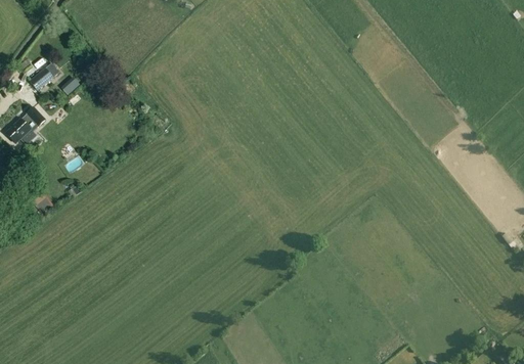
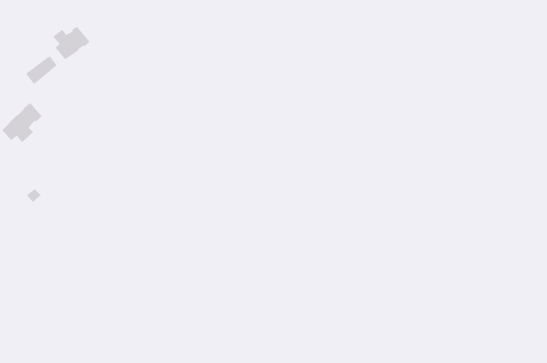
building: none -> [53,26,90,60]

